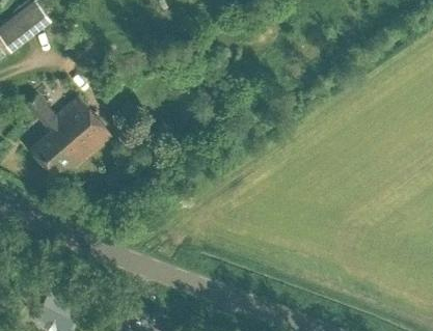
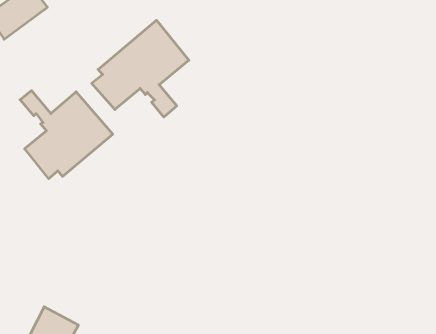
building: none -> [92,20,189,117]

